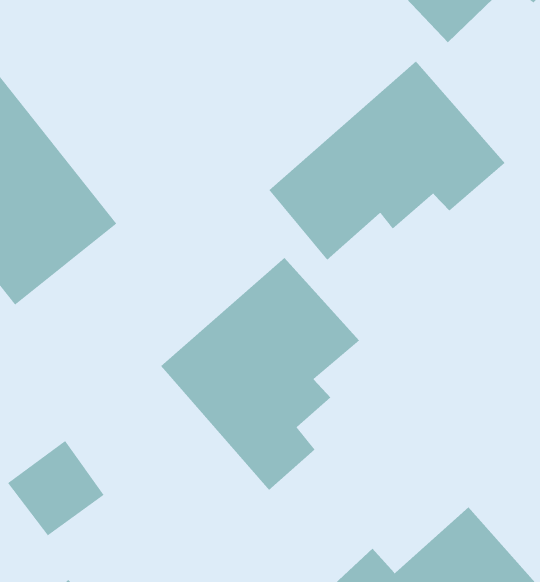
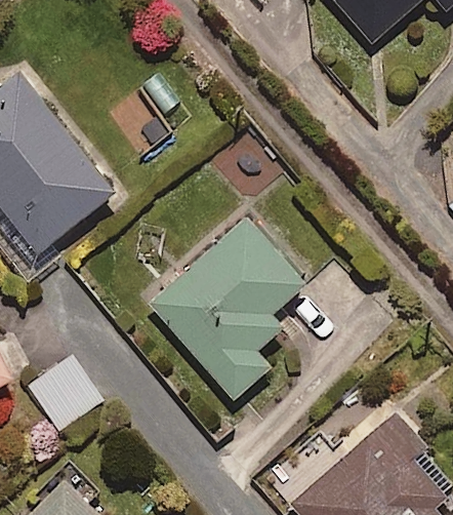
building: [268,61,505,261] -> none

